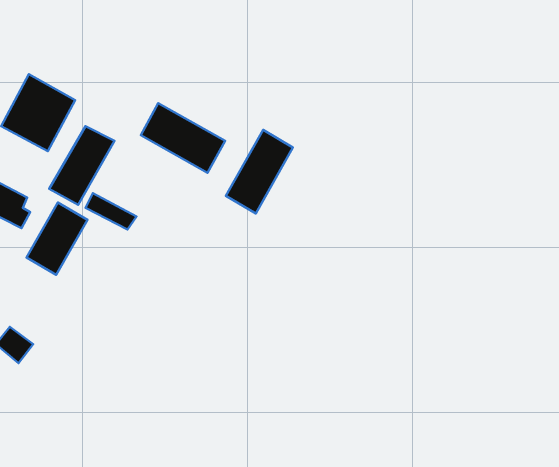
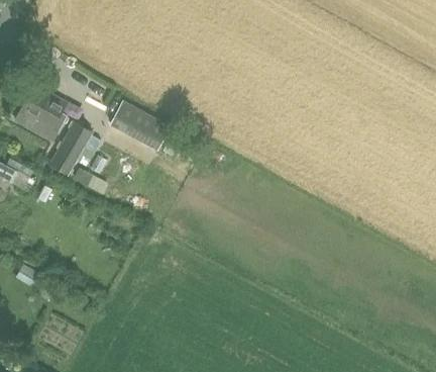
building: [226,130,293,213] -> none
building: [27,203,88,275] -> none

